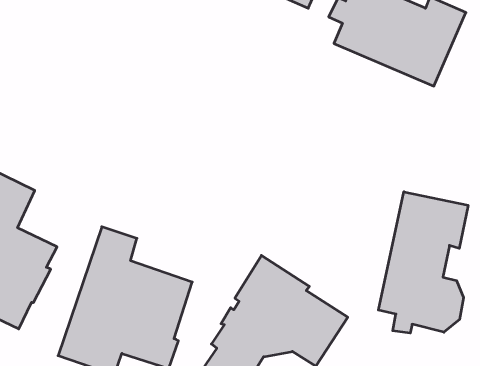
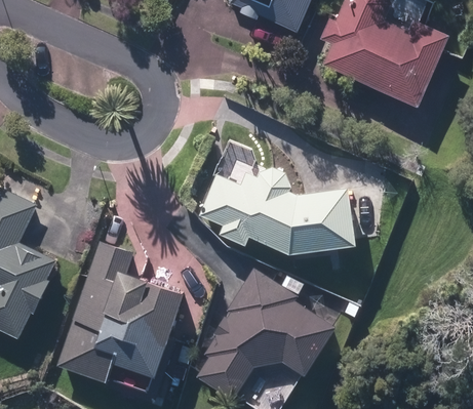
building: none -> [198,169,356,256]
building: [378,192,468,333] -> none

